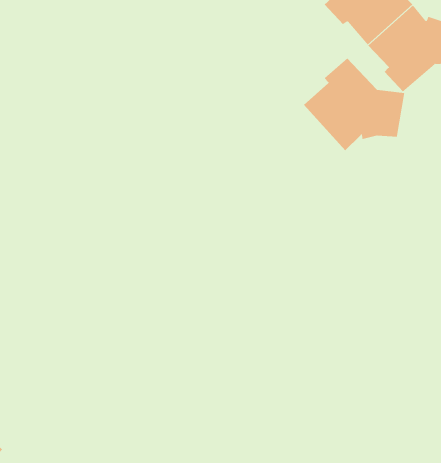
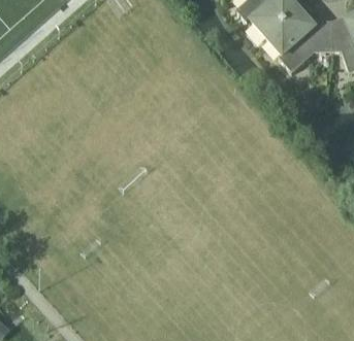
building: [303,57,405,151] -> none

